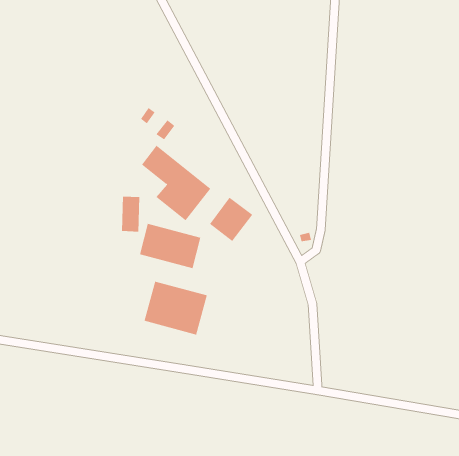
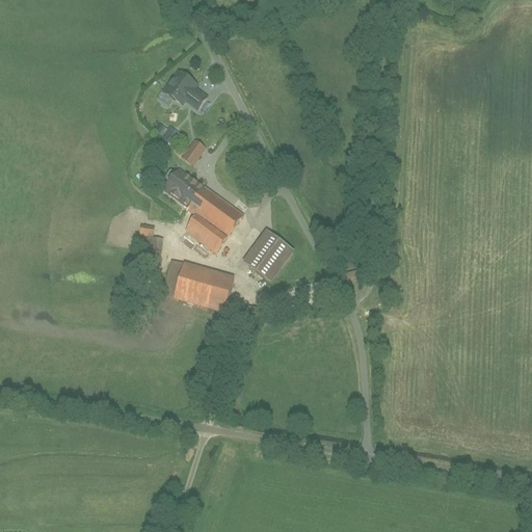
building: none -> [165,70,212,111]
building: [144,281,207,335] -> none

